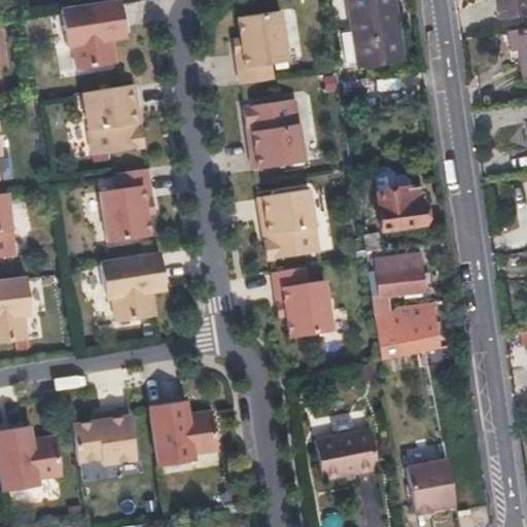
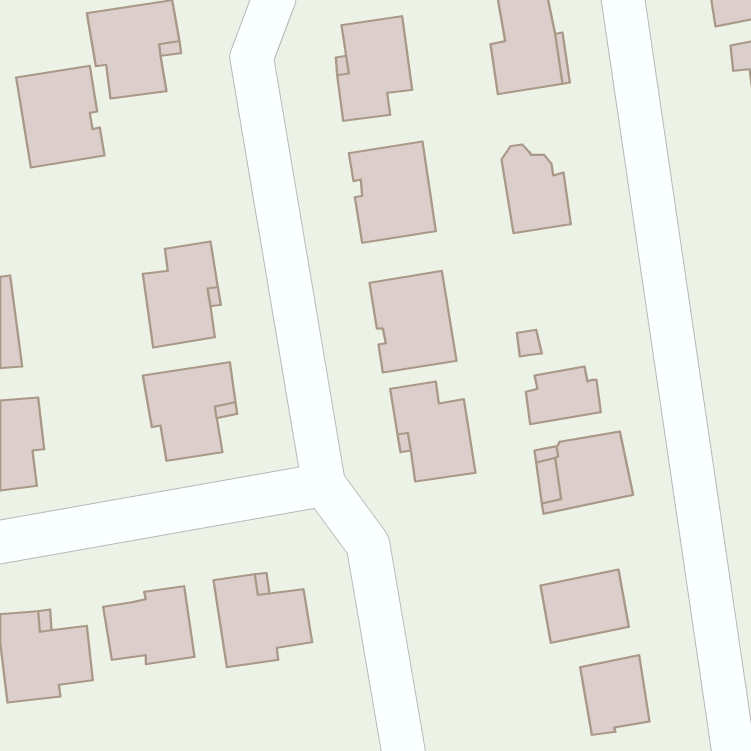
building: [83,84,145,155] -> [16,66,104,167]
building: [375,167,423,229] -> [502,145,571,233]
building: [313,428,375,480] -> [541,569,629,643]

